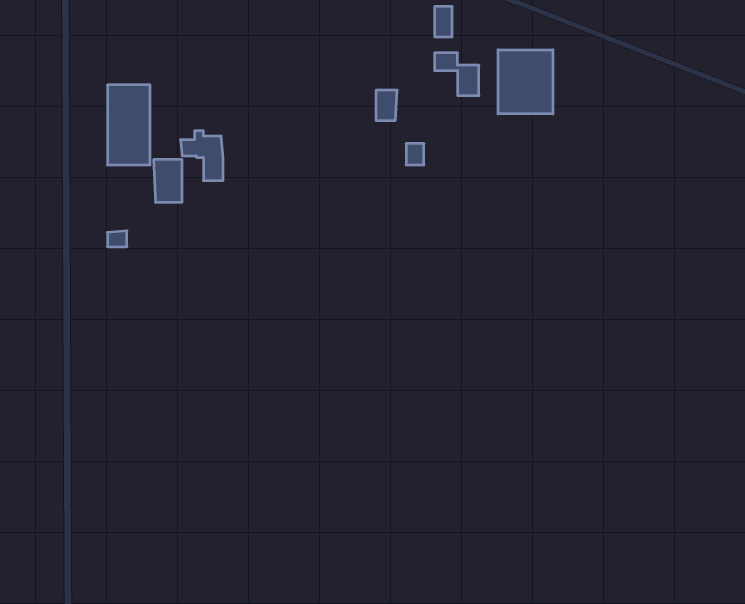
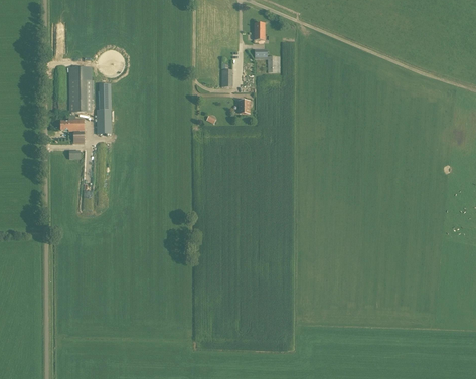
building: [498,50,553,114] -> none
building: [180,131,223,181] -> [60,115,85,143]

